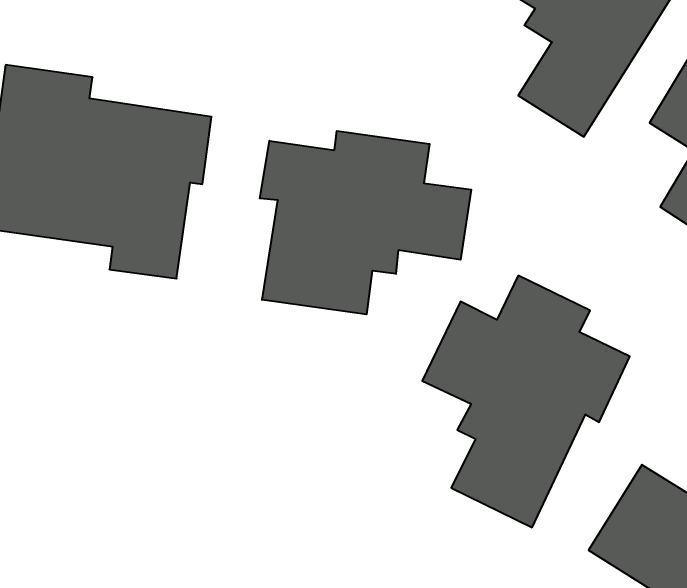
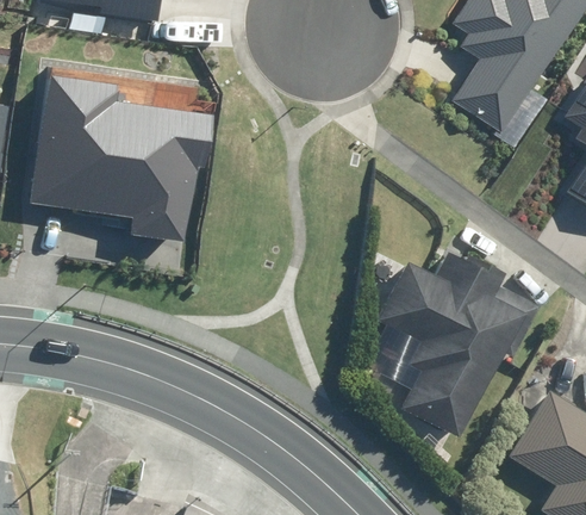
building: [260,131,471,314] -> none

